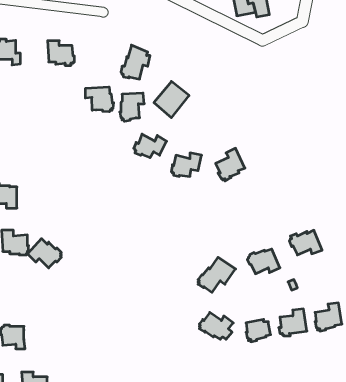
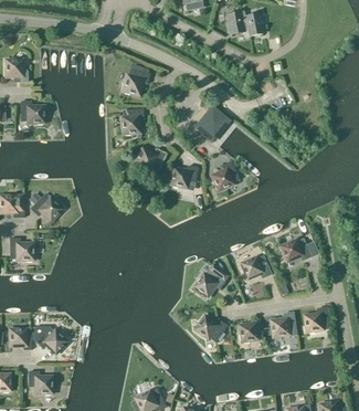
building: [48,41,74,65] -> [20,101,45,124]
building: [154,81,189,118] -> [196,106,229,140]
building: [85,87,114,112] -> none
building: [28,239,61,268] -> [30,193,62,221]
building: none -> [34,326,66,352]

